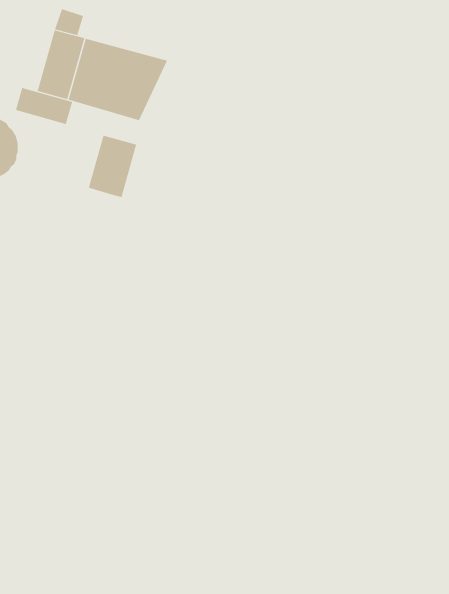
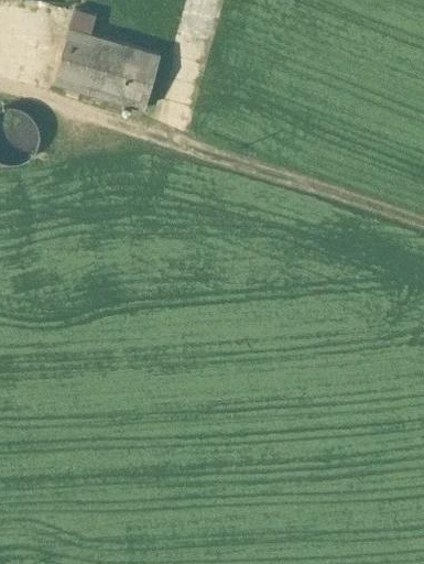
building: [15,87,73,125] -> none
building: [88,135,137,198] -> none

